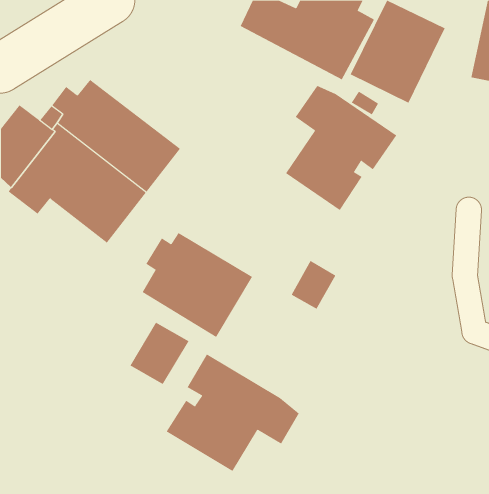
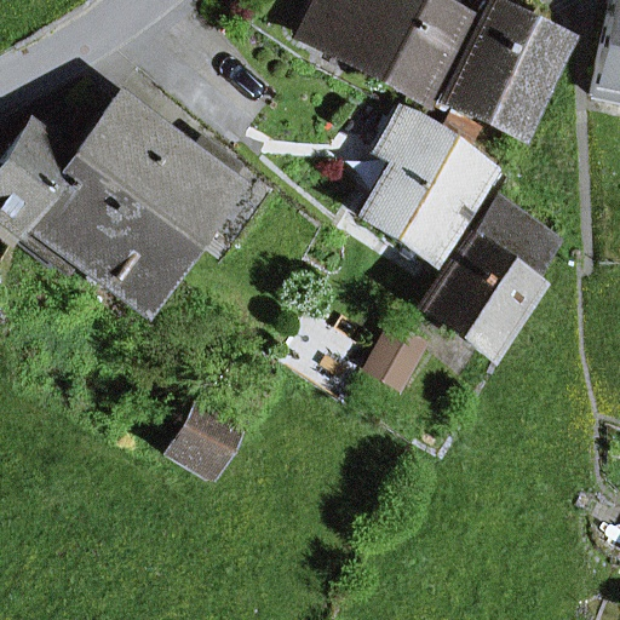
building: none -> [425,201,562,354]
building: [142,232,253,338] -> none
building: [166,353,299,472] -> none

